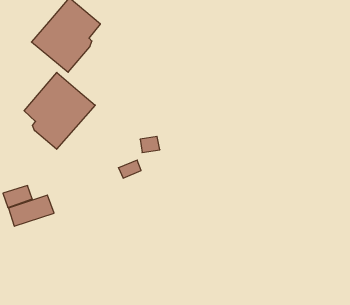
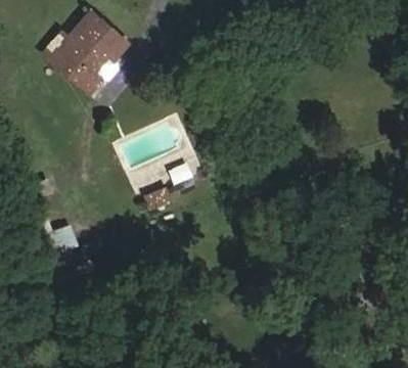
building: [24,72,95,149] -> none

